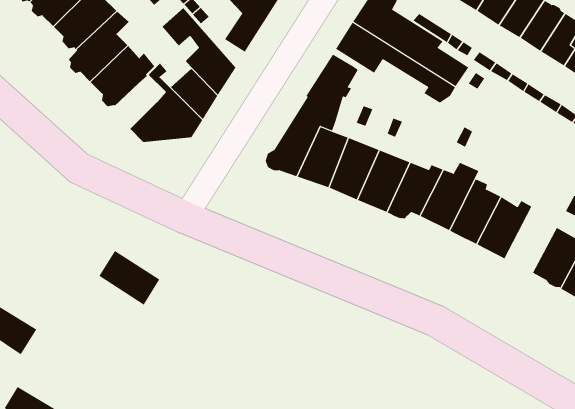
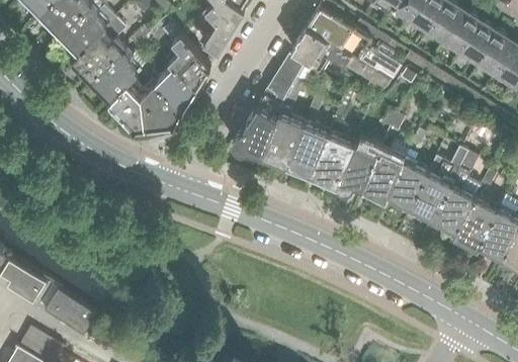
building: none -> [110,79,145,116]
building: none -> [431,149,480,235]
building: [99,250,160,305] -> [46,289,96,335]

